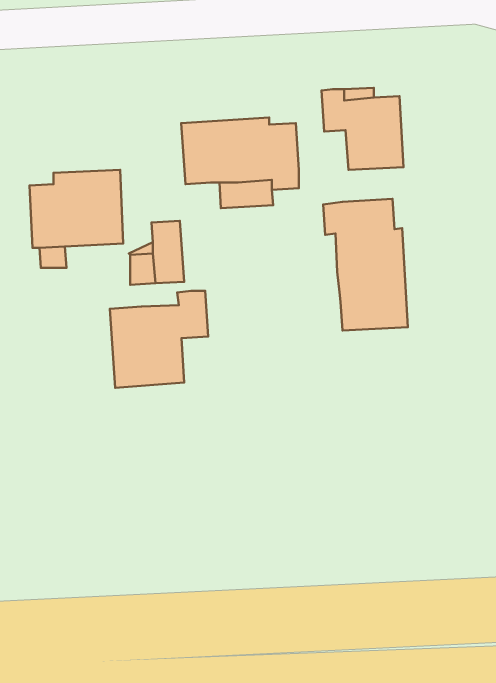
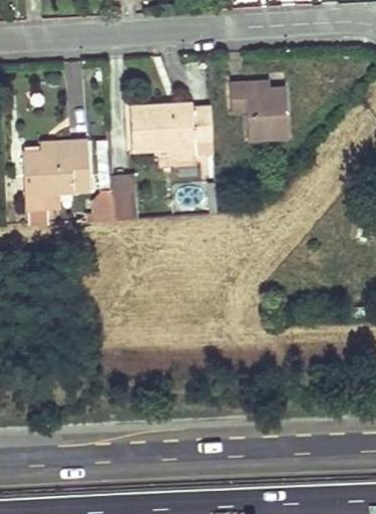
building: [323,199,408,330] -> none
building: [110,291,208,388] -> none

